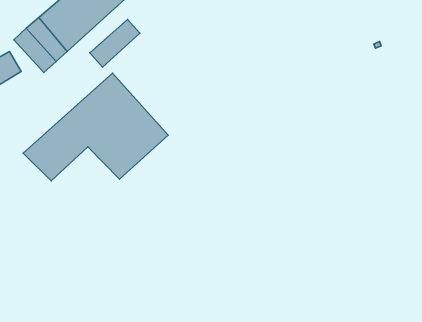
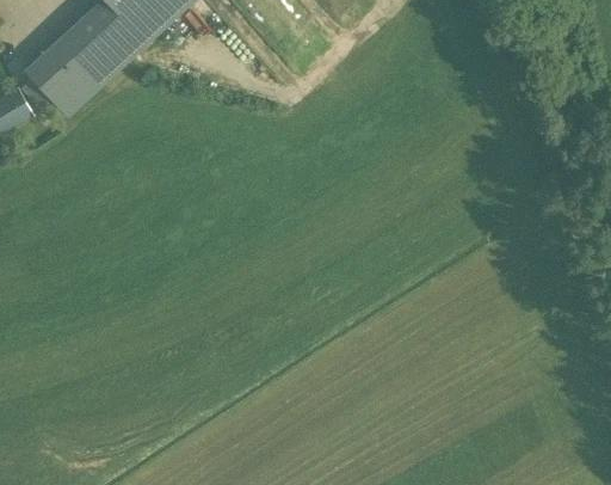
building: [90,20,140,67] -> none
building: [23,73,168,181] -> none

